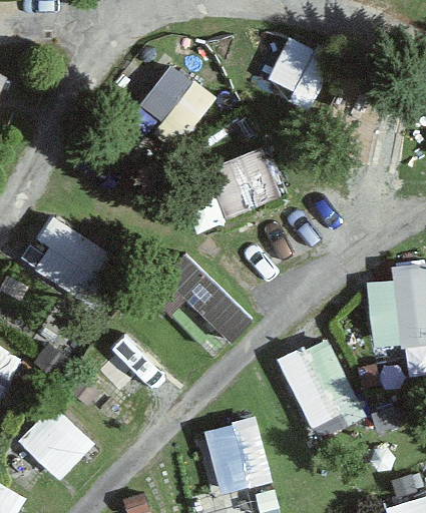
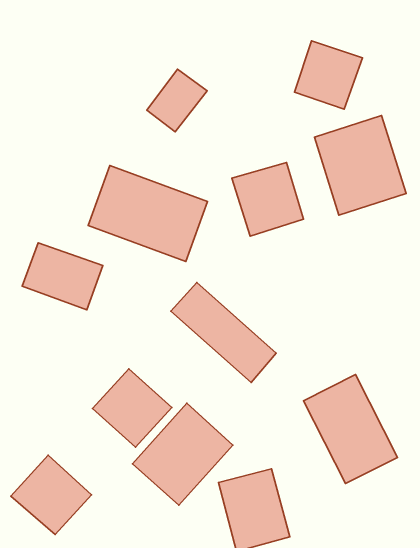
building: none -> [314,116,406,215]
building: none -> [88,166,208,261]
building: none -> [132,403,233,505]

